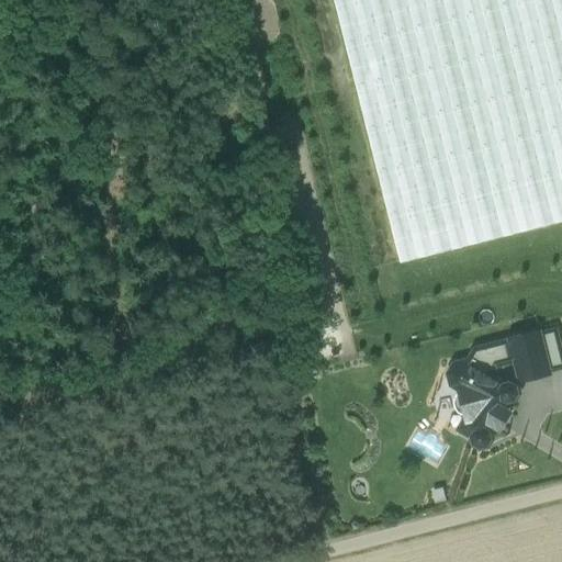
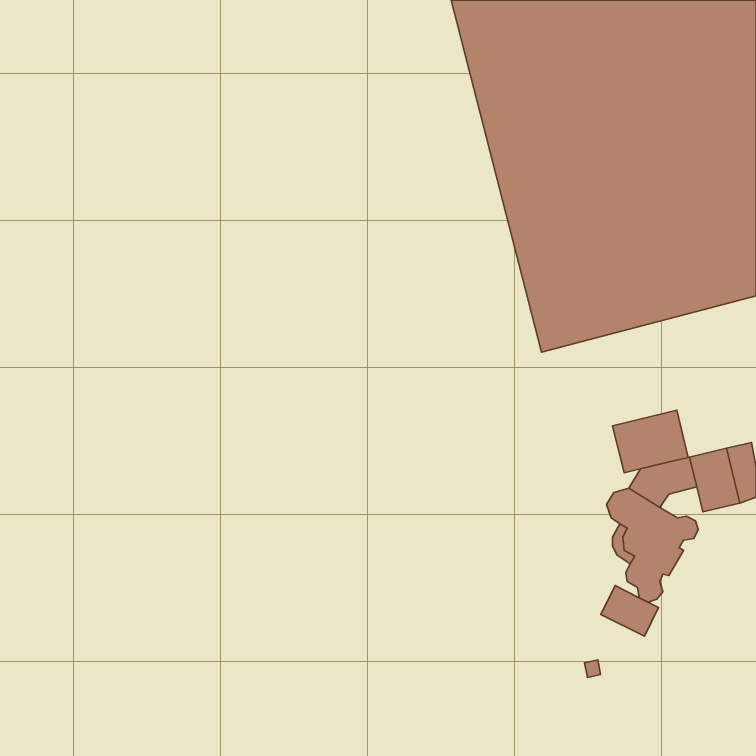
building: none -> [613,410,688,473]
building: none -> [601,586,659,636]

